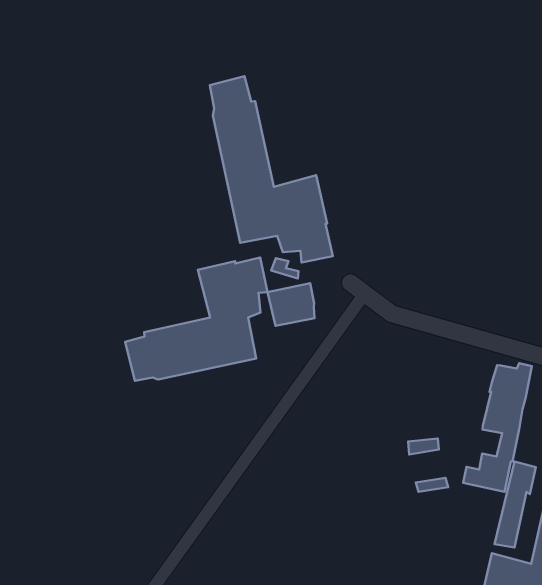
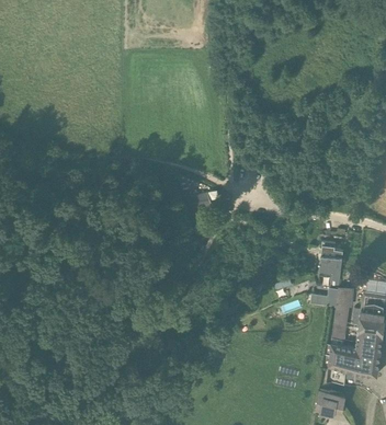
building: [210,76,333,263] -> none
building: [125,258,267,381] -> none

